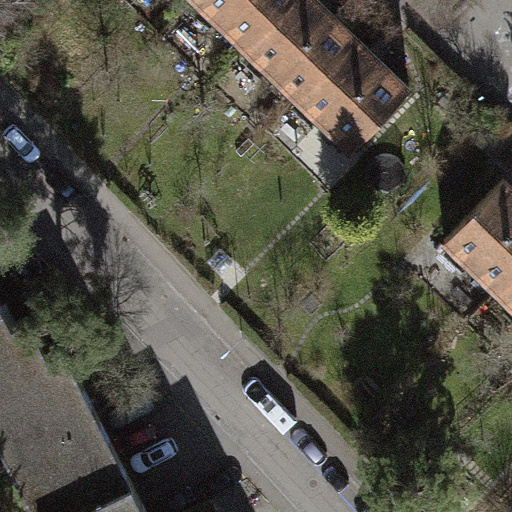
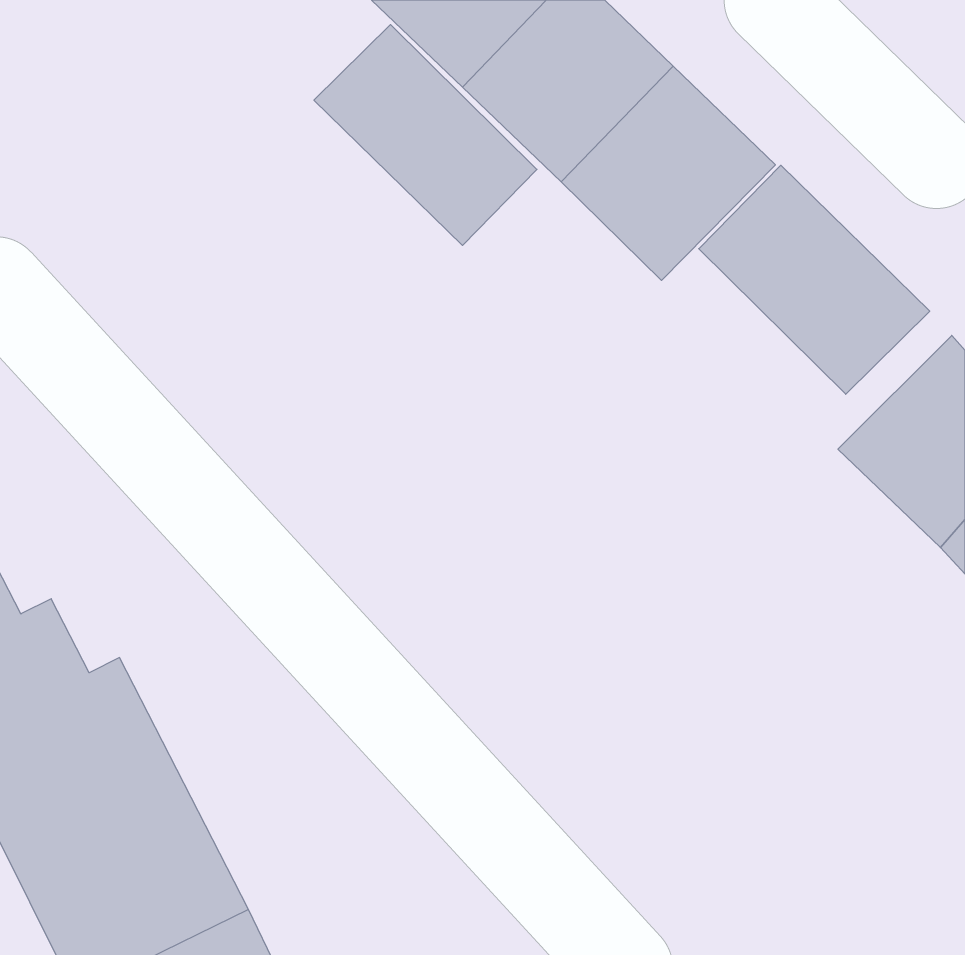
building: none -> [314,25,537,245]
building: none -> [699,165,930,394]

